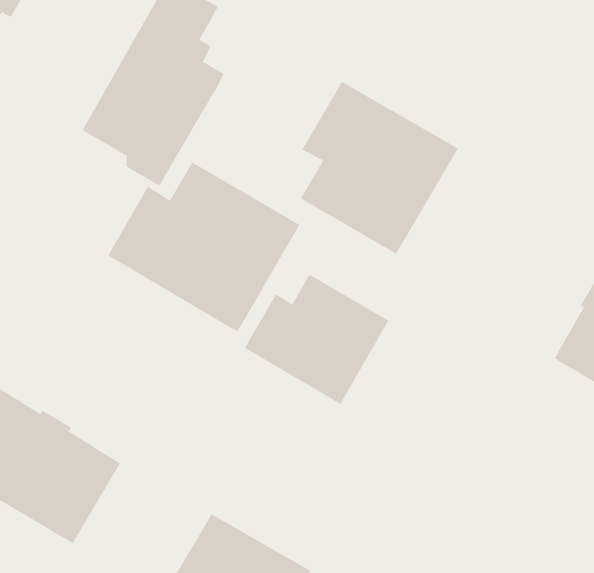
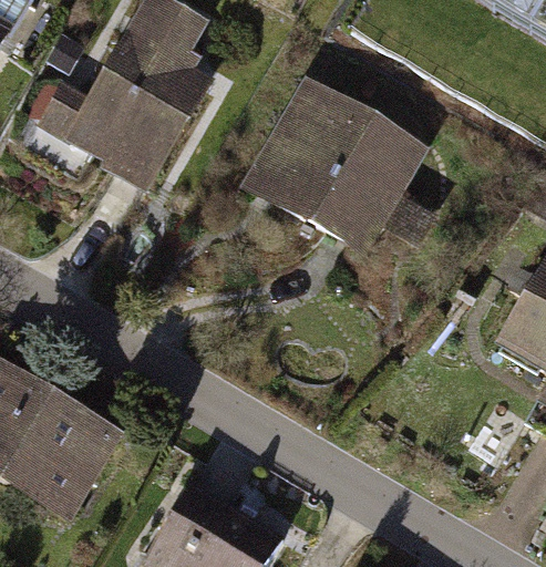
building: [108,162,300,333] -> none
building: [244,274,389,405] -> none

